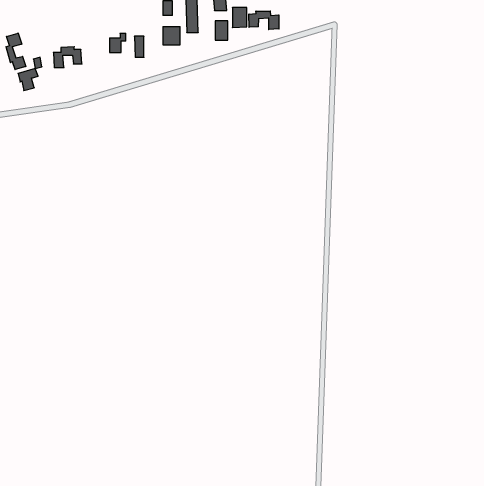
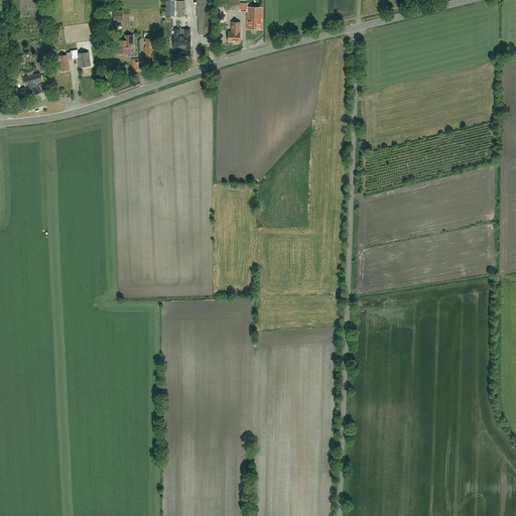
building: [249,11,279,30] -> none
building: [6,33,26,70] -> none

